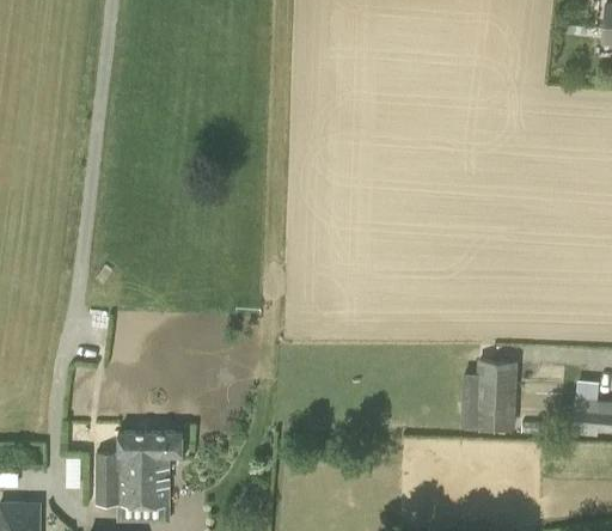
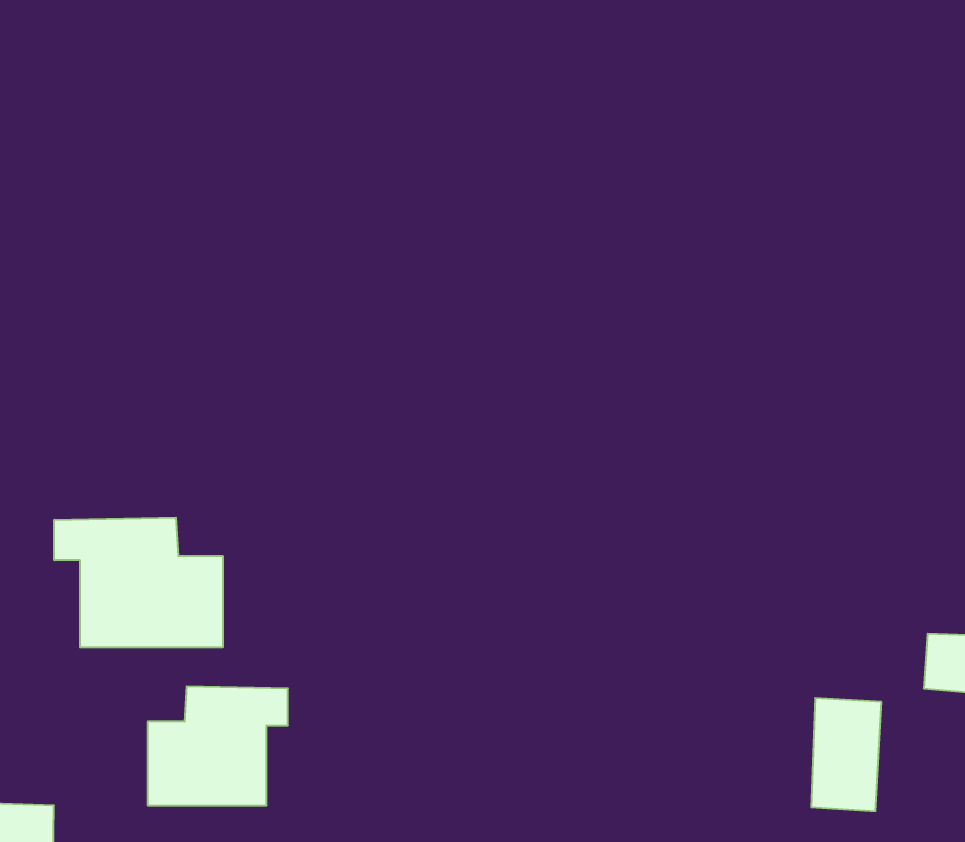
building: none -> [54,518,223,647]
building: [475,360,518,429] -> [811,698,881,811]

